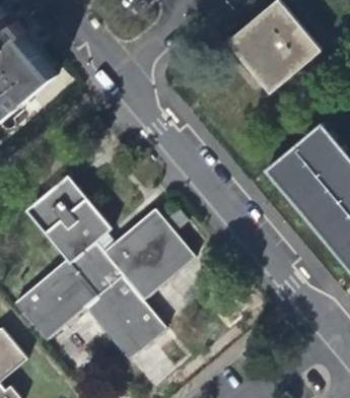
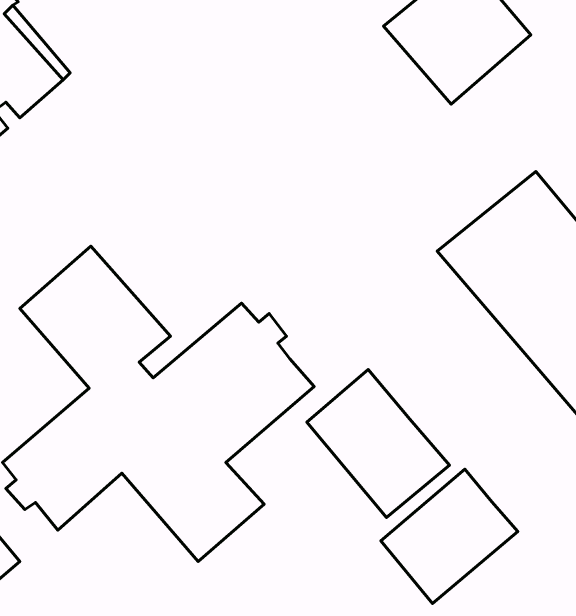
building: none -> [307,369,450,517]
building: none -> [381,469,518,603]

